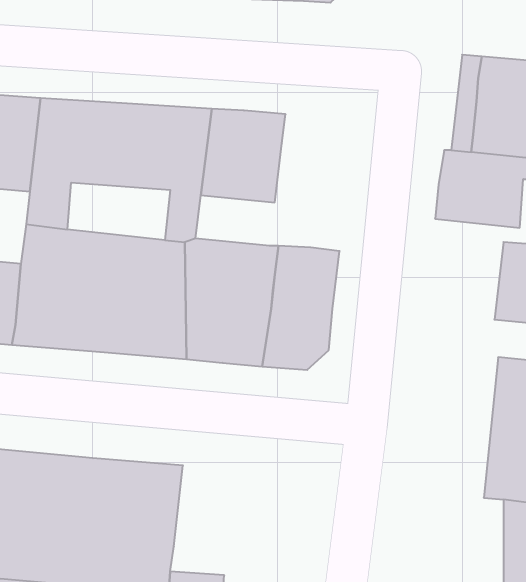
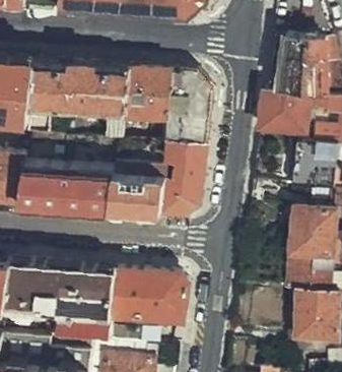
building: none -> [164,76,210,153]
building: none -> [111,274,187,327]

